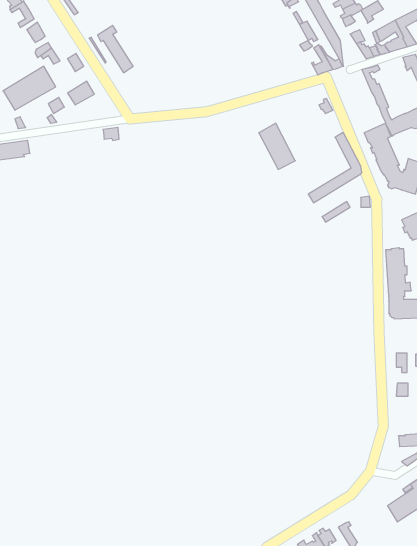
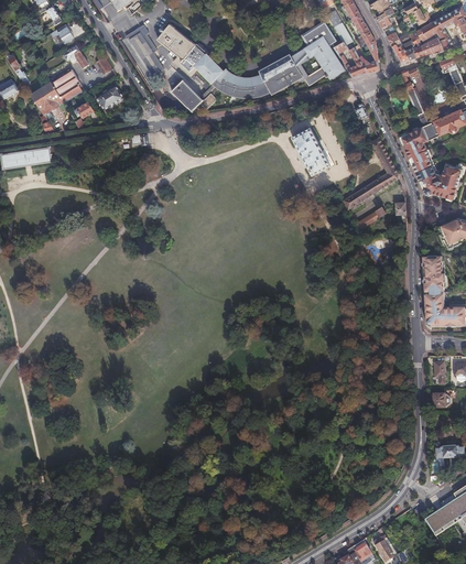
building: none -> [158,21,345,96]
building: none -> [172,79,216,110]

